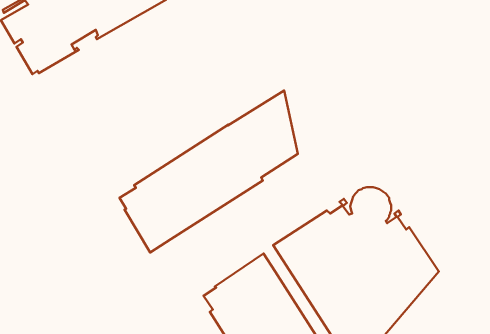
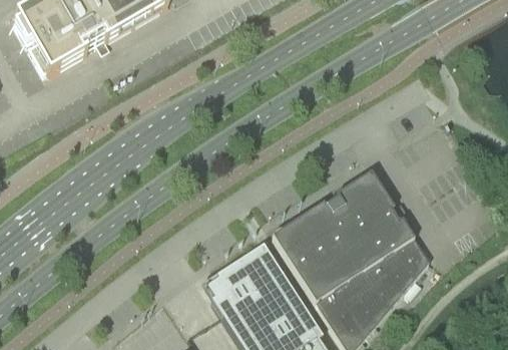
building: [119,91,298,253] -> none

